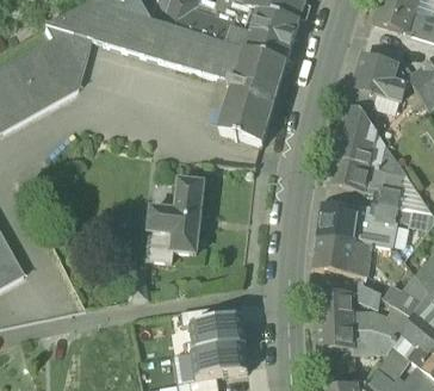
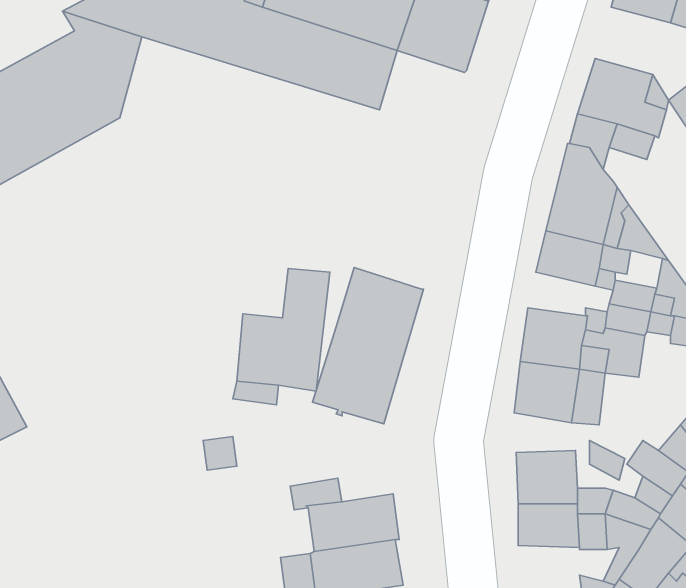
building: [219,49,286,143] -> [313,267,423,424]

